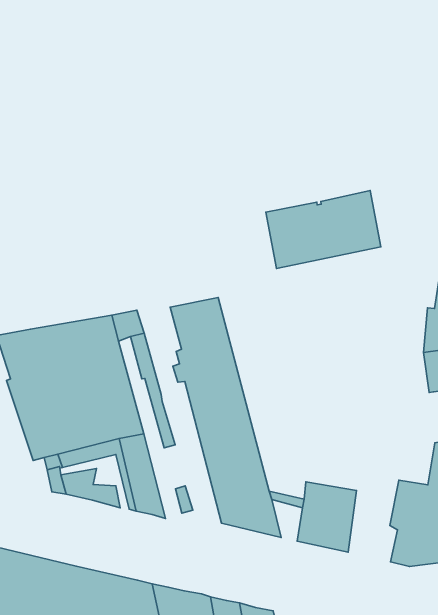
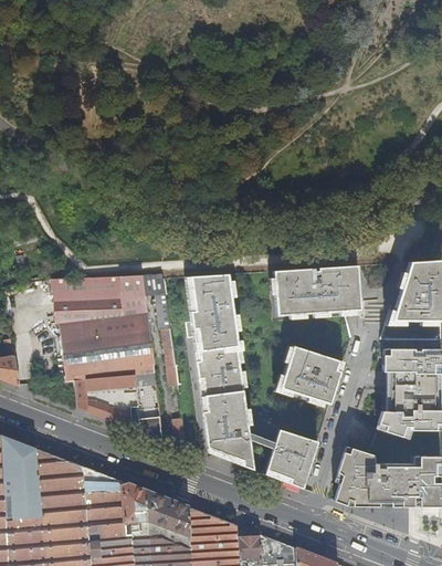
building: [266,190,381,269] -> [274,265,360,316]
building: none -> [277,344,340,403]

